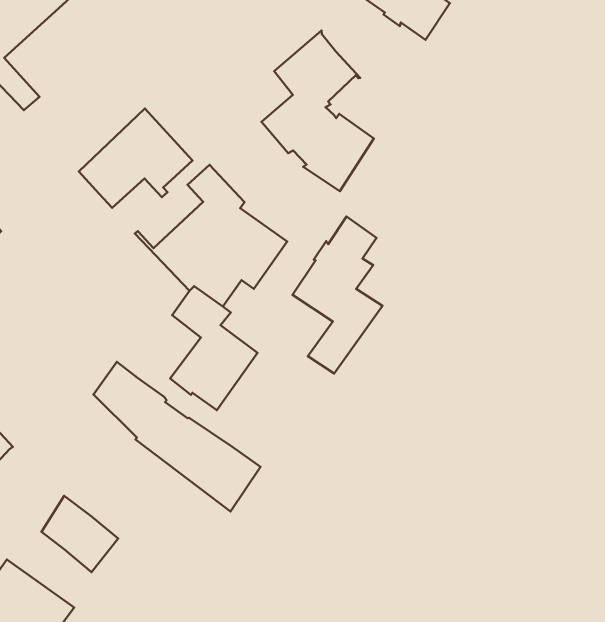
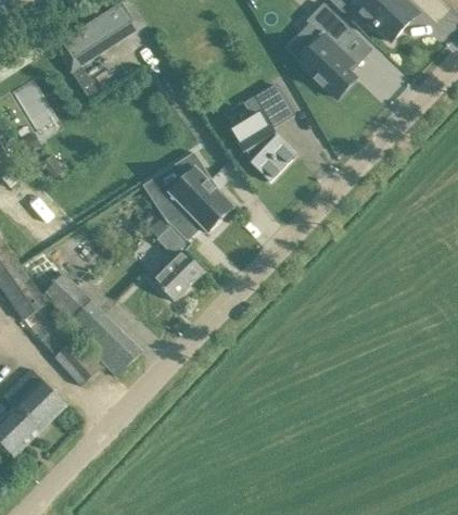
building: [79,108,193,208] -> none
building: [292,217,382,373] -> none
building: [94,362,261,512] -> [47,272,140,374]

